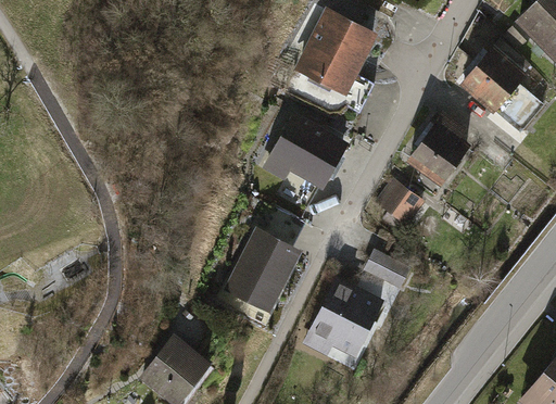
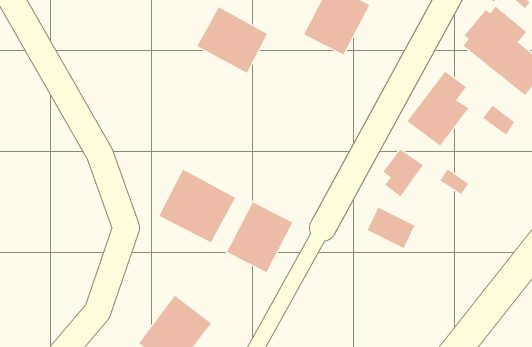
building: [274,124,344,190] -> [196,7,268,74]
building: none -> [158,169,236,243]
building: [304,273,388,356] -> none

